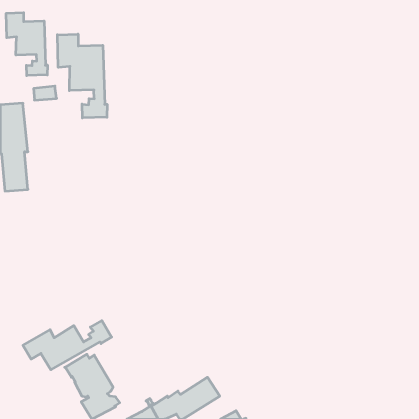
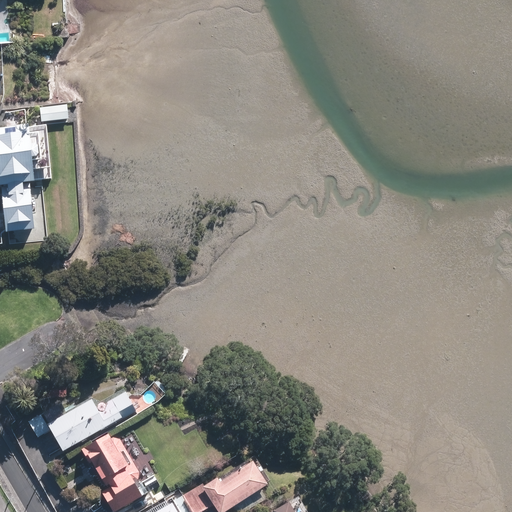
building: [6,13,47,76] -> none
building: [57,34,107,118] -> none

